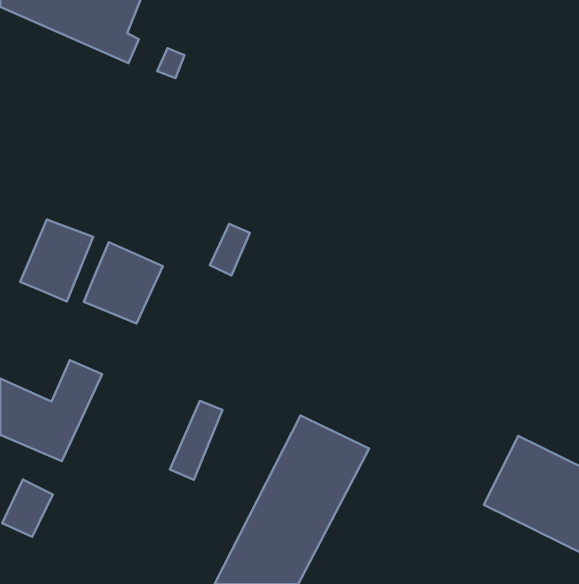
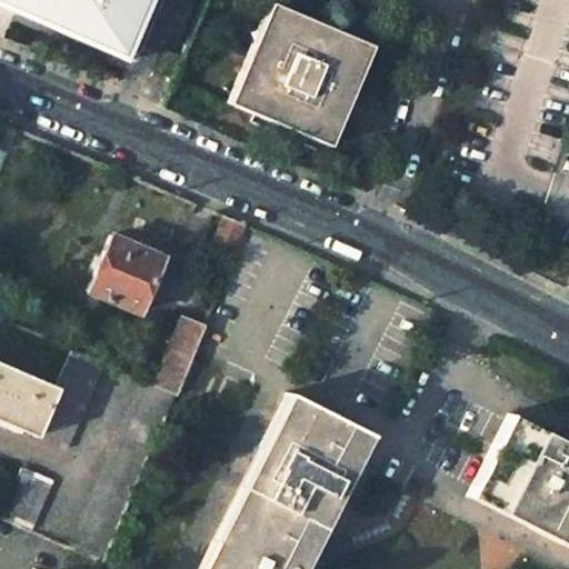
building: none -> [236,6,366,142]
building: [20,220,93,302] -> none
building: [170,401,223,480] -> [154,317,206,393]

